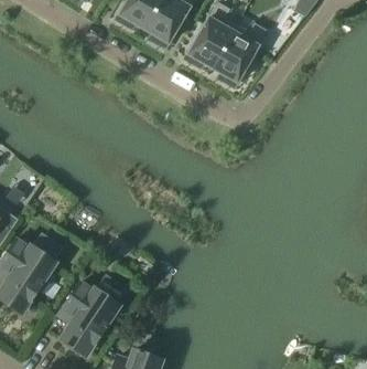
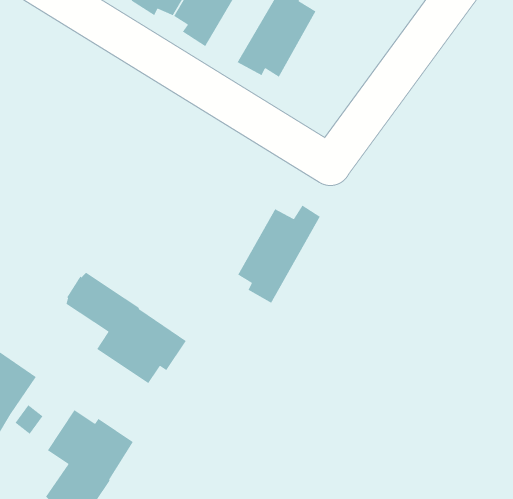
building: [213,23,267,87] -> [237,205,321,304]
building: none -> [65,272,187,384]

